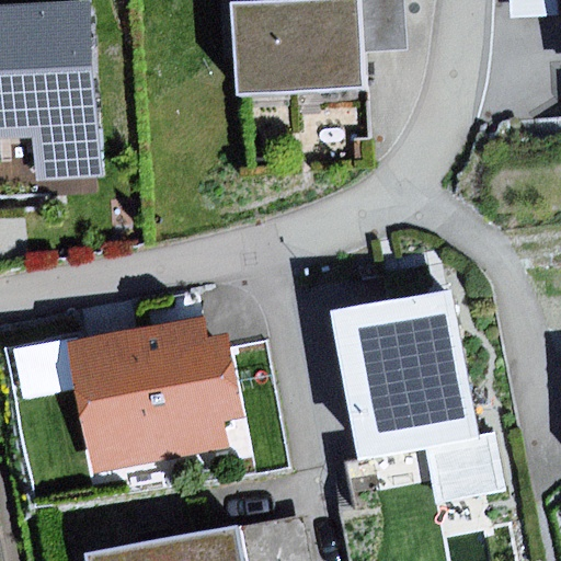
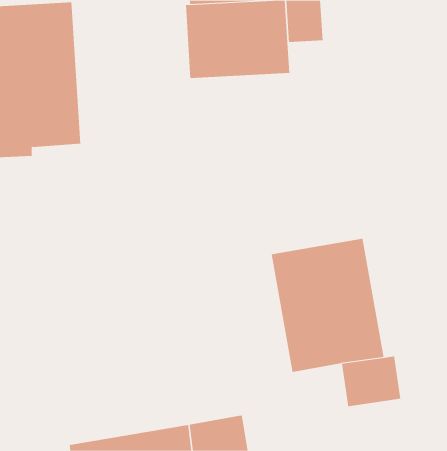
building: [61,313,240,470] -> none

